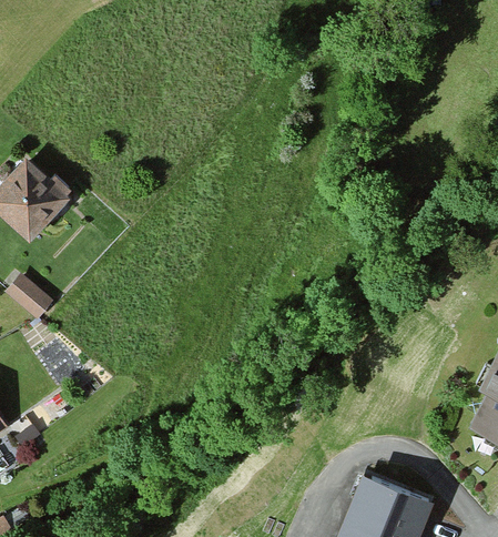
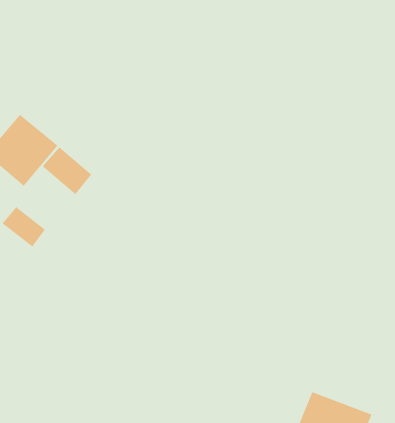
building: none -> [42,147,92,195]

